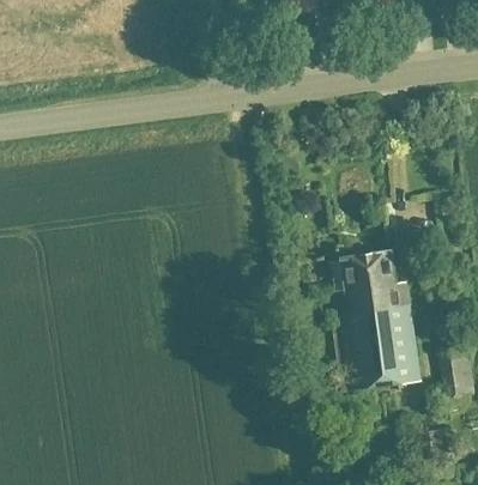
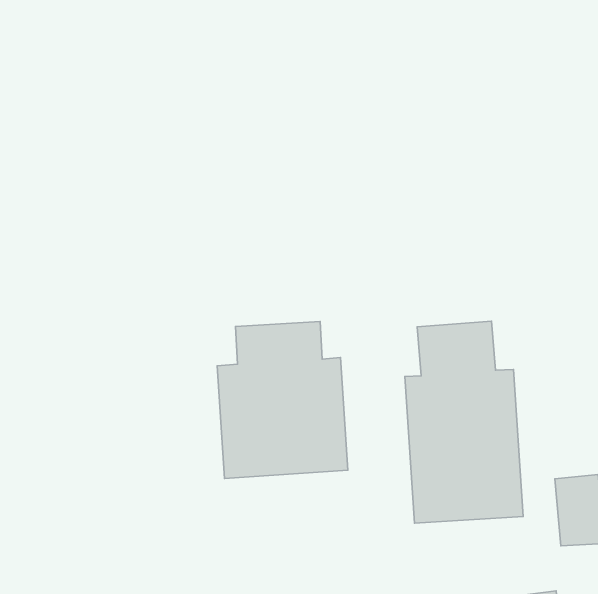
building: none -> [217,321,348,479]

